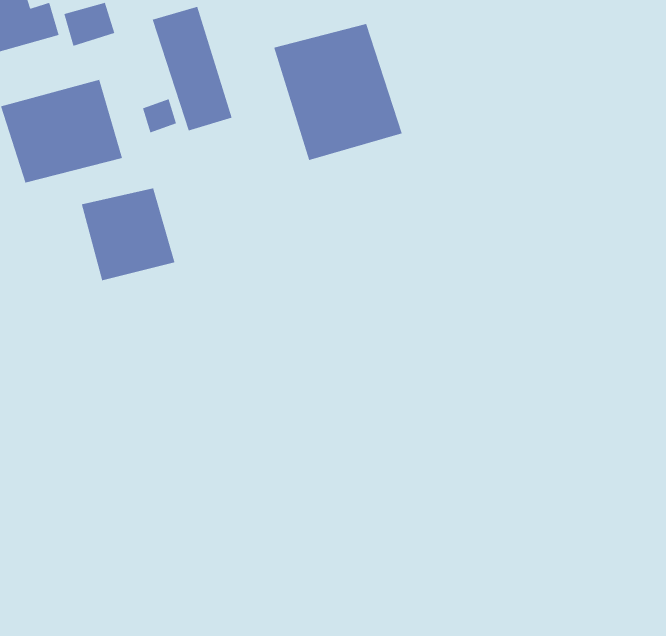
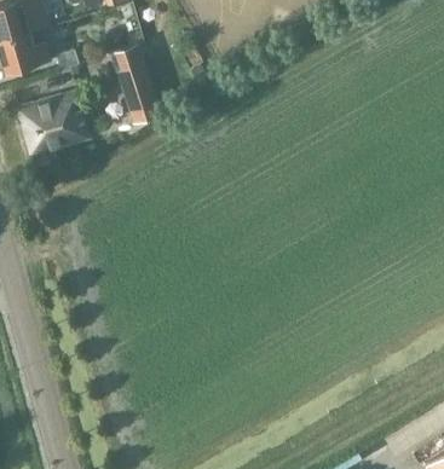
building: [273,23,403,161] -> none
building: [81,188,175,281] -> none

